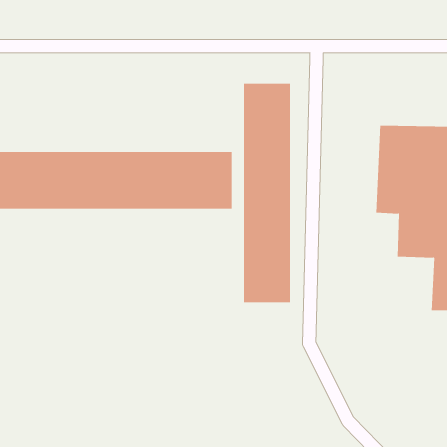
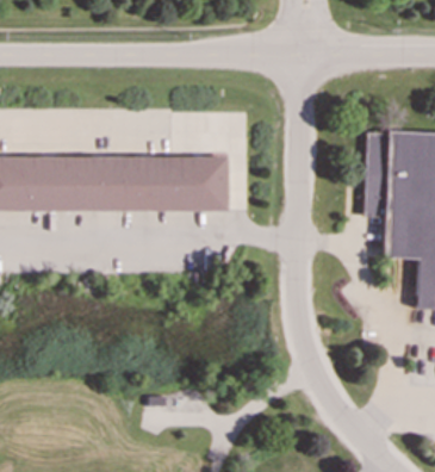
building: [244,83,290,303] -> none

